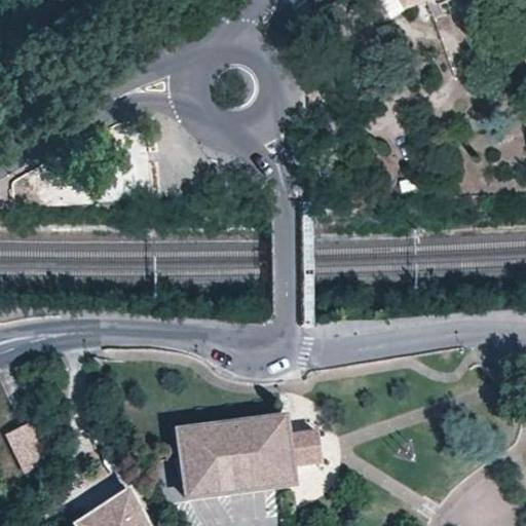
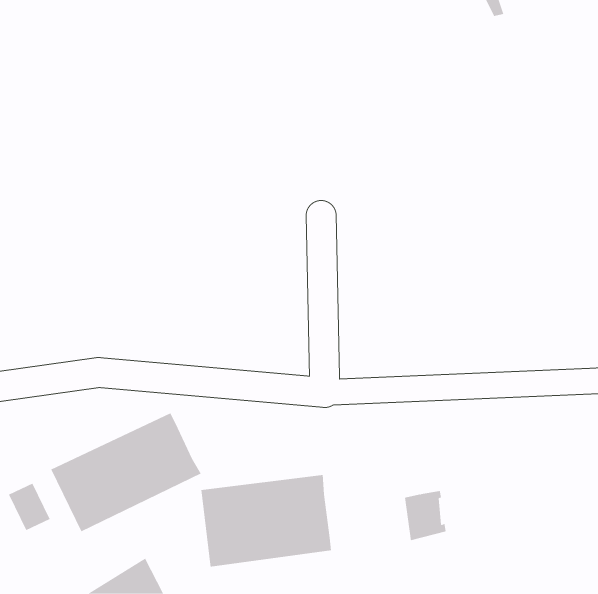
building: none -> [51,413,202,532]
building: [285,427,322,472] -> [404,490,446,541]

